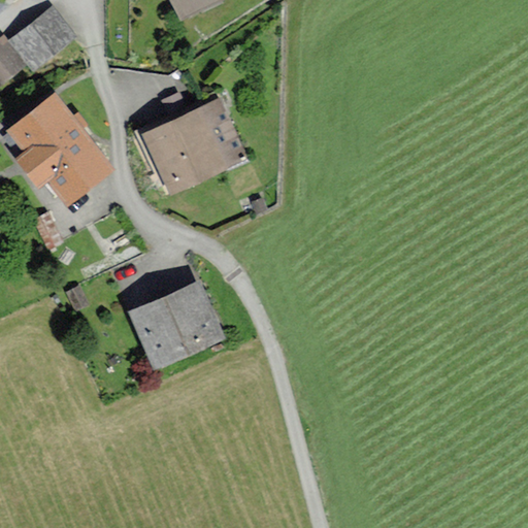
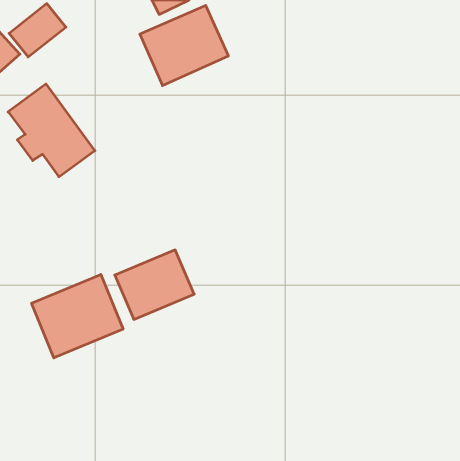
building: [142,101,243,193] -> [140,5,228,86]
building: none -> [32,274,123,358]

